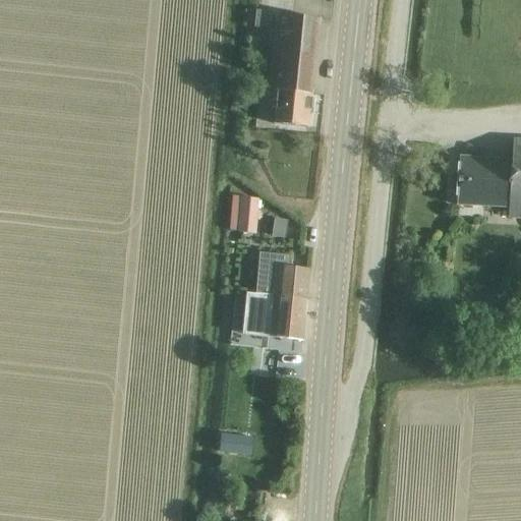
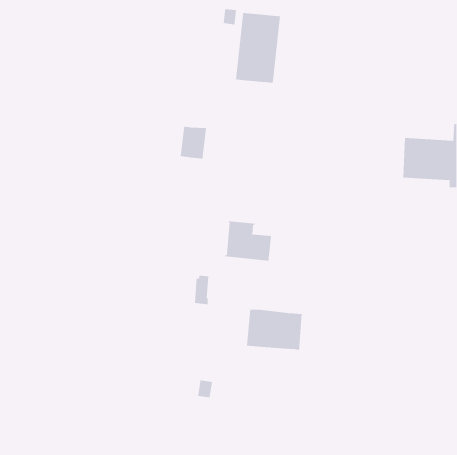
building: [273,92,311,126] -> none
building: [228,195,258,233] -> [180,126,207,159]
building: [242,292,306,339] -> [246,309,302,350]

